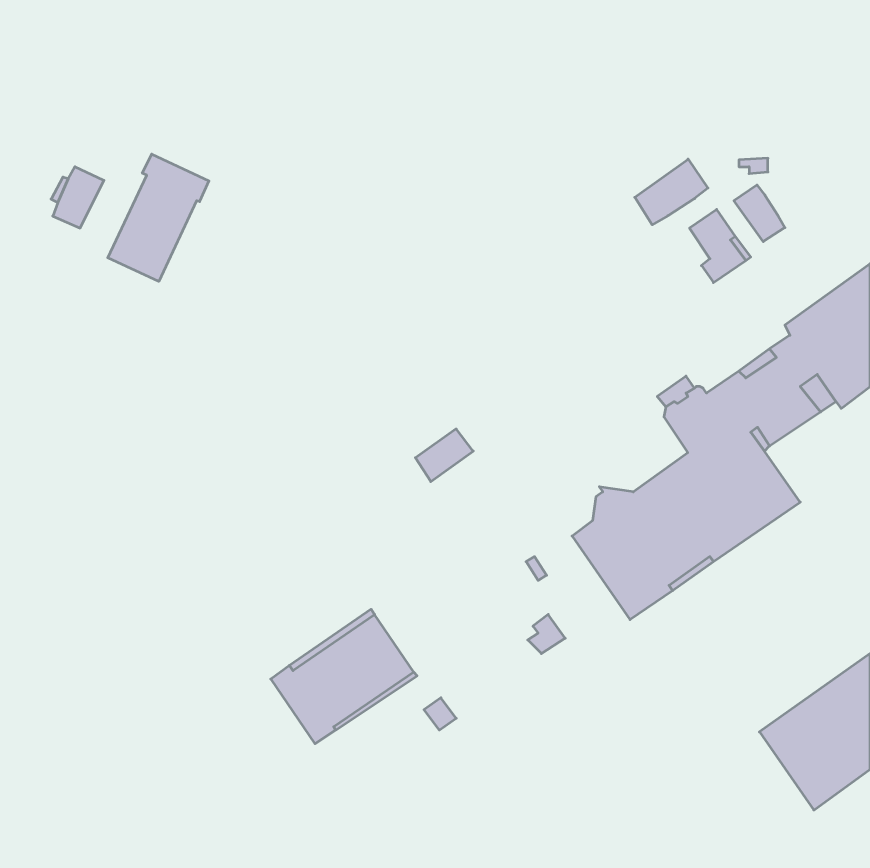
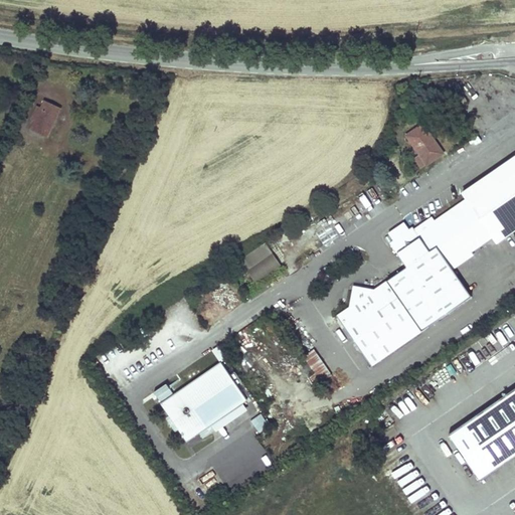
building: [108,154,209,281] -> none
building: [635,159,708,225] -> none
building: [734,185,785,242] -> none

